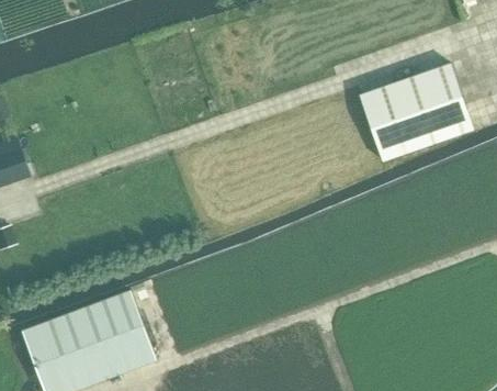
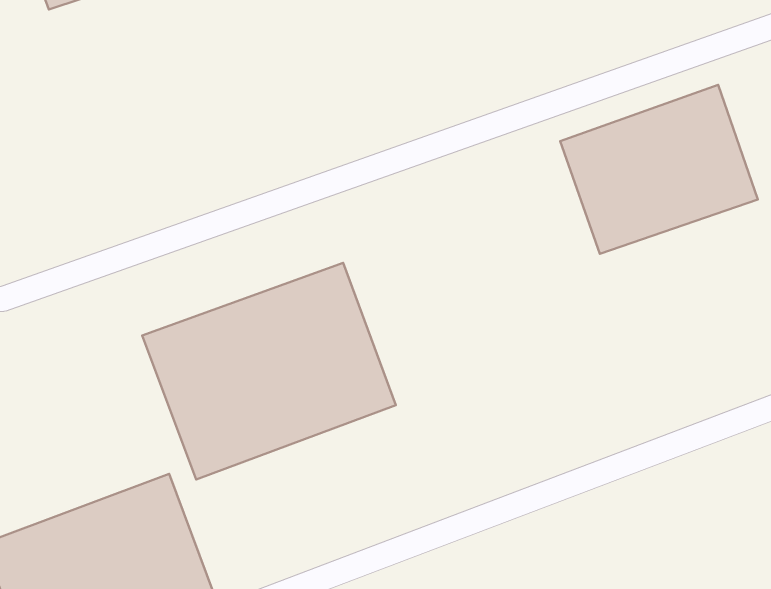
building: none -> [142,263,396,480]

